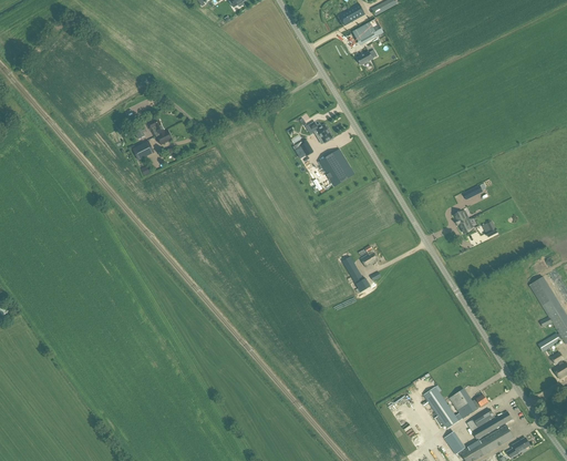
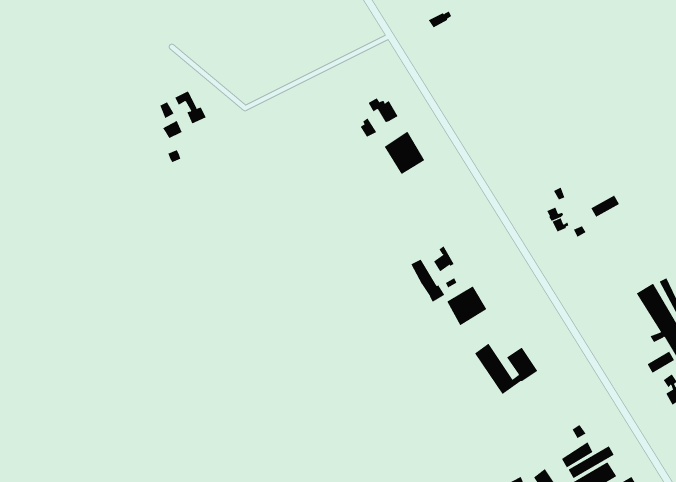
building: none -> [446,286,487,326]
building: [423,386,476,429] -> [474,343,538,395]

